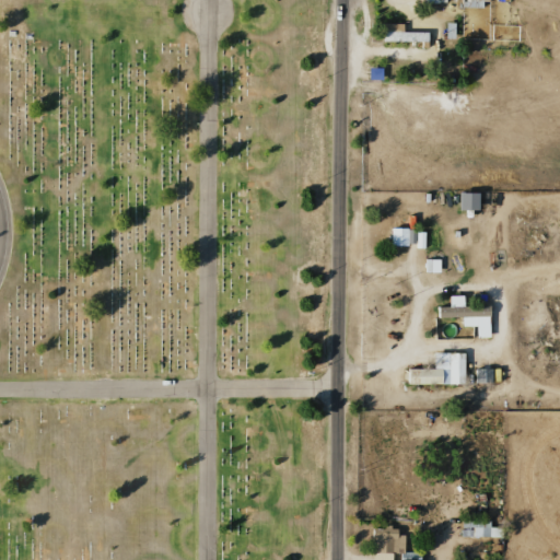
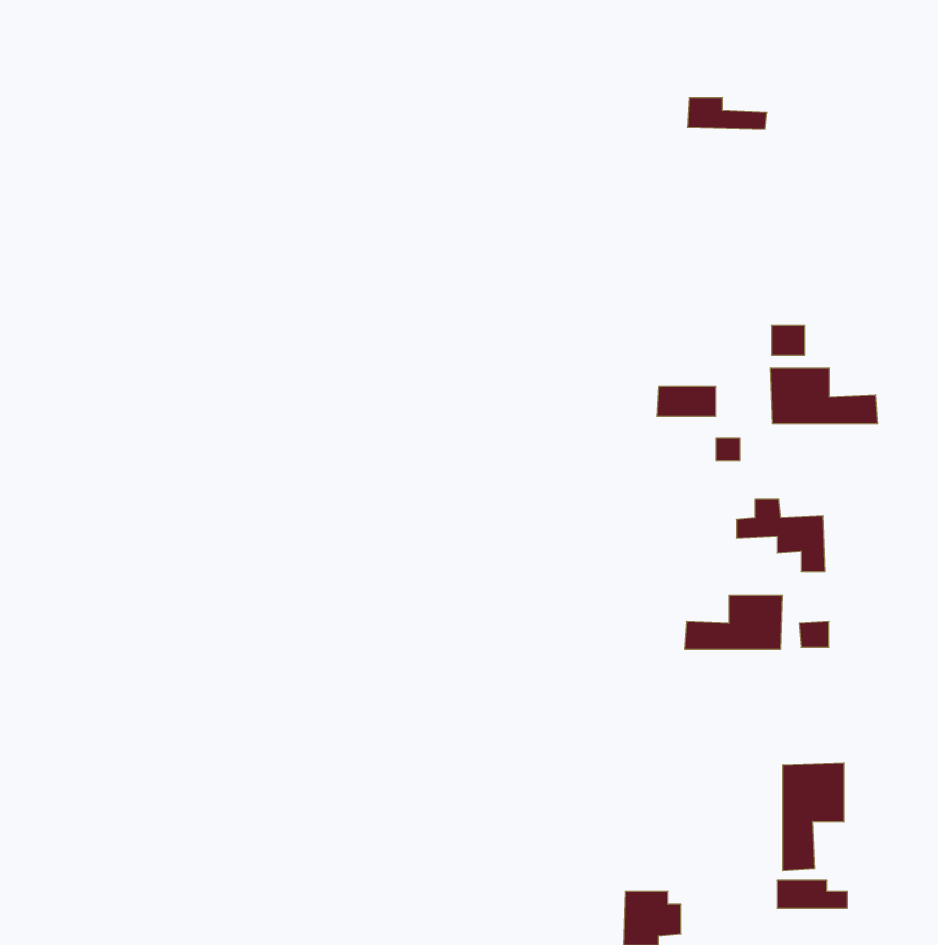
building: [384,23,431,42] -> [687,98,767,129]
building: none -> [771,368,878,424]
building: none -> [783,763,844,871]

